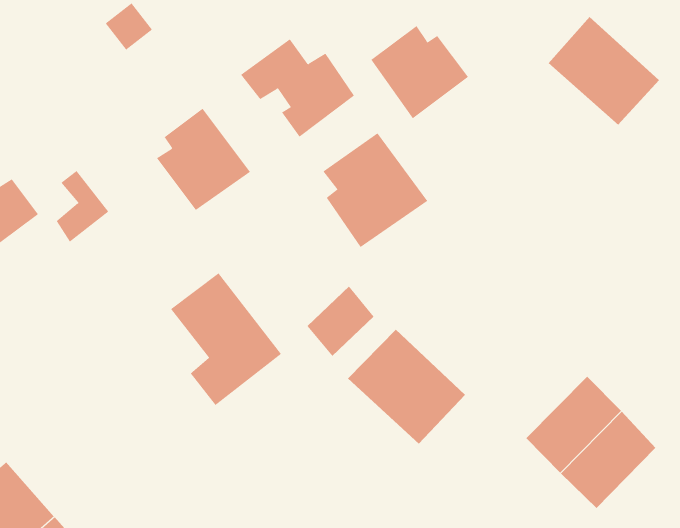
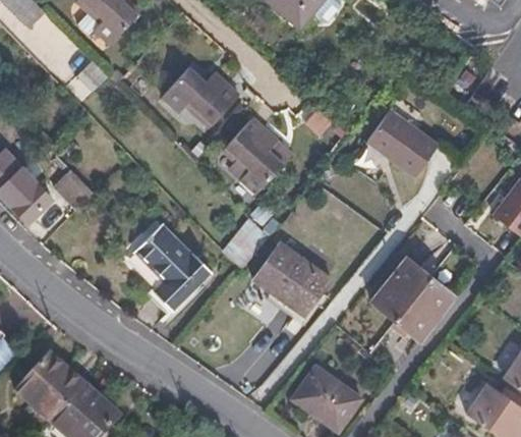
building: [548,16,660,126] -> [365,110,437,176]
building: [370,25,469,119] -> none
building: [156,108,251,211] -> none

